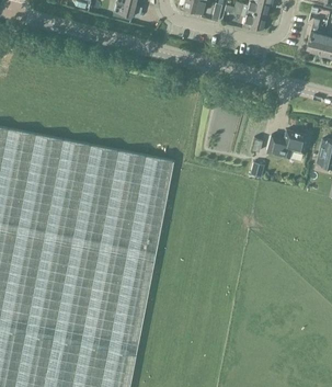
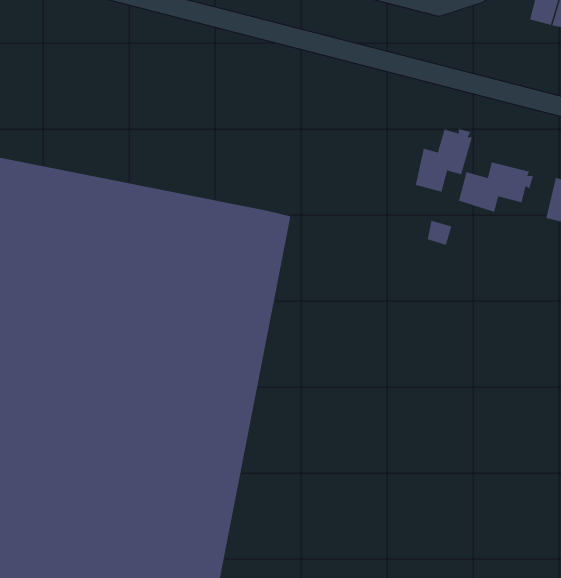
building: none -> [415,128,472,193]

